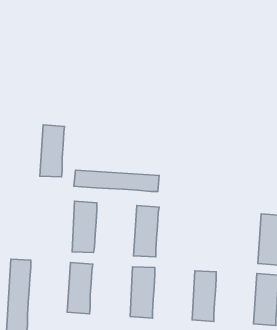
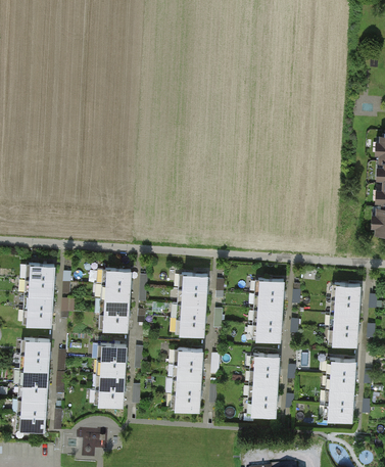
building: [40,125,65,177] -> [25,264,55,328]
building: [74,170,159,192] -> none
building: none -> [253,279,284,342]

